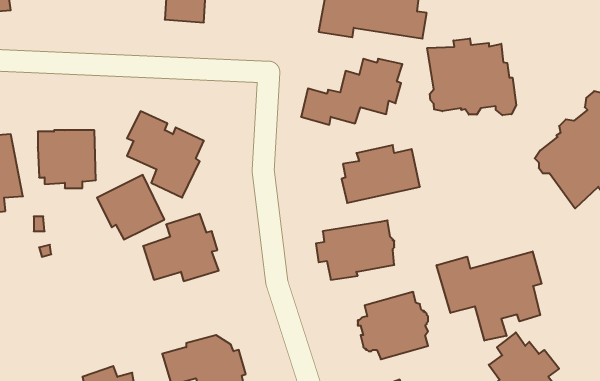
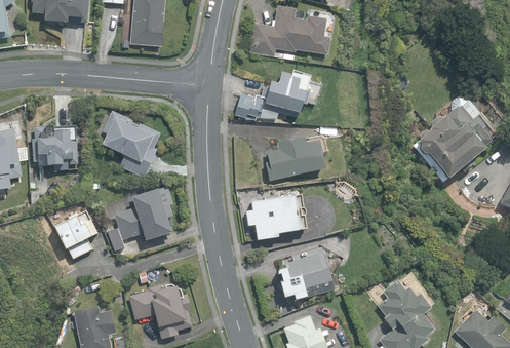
building: [427,38,516,115] -> none
building: [97,175,164,240] -> [49,210,101,260]
building: [437,251,542,341] -> none

